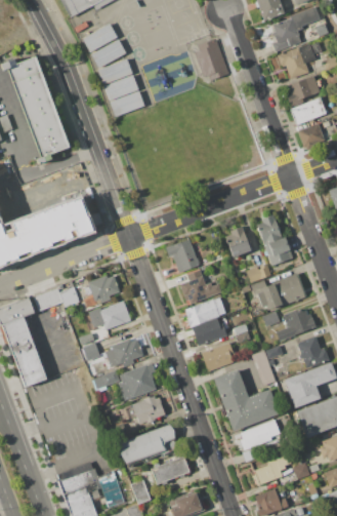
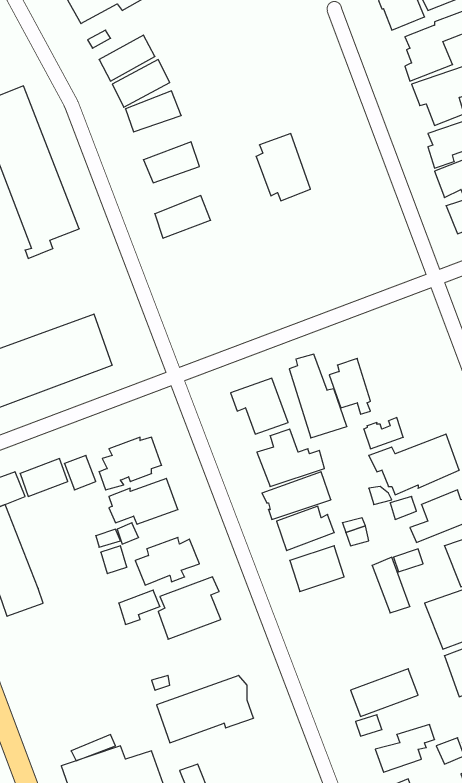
building: [194,38,227,80] -> [256,134,310,201]
building: [104,74,139,101] -> [155,196,211,238]
building: [258,214,294,267] -> [289,354,347,438]
building: [213,368,280,431] -> none
building: [132,394,167,424] -> none
building: [152,457,191,484] -> none

